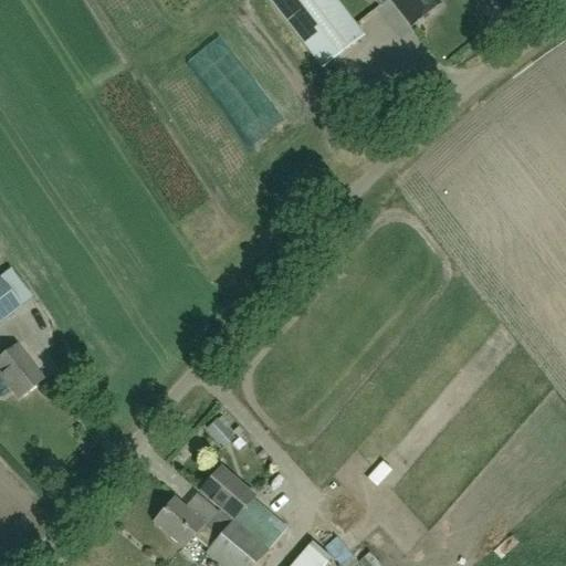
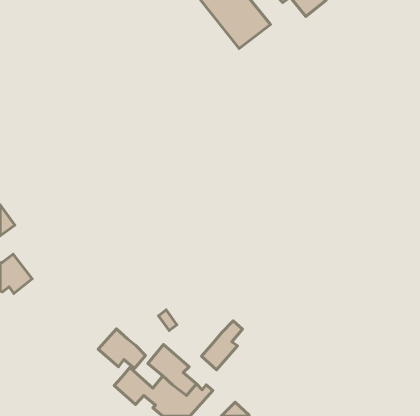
building: none -> [201,321,243,370]
building: none -> [98,329,146,368]

